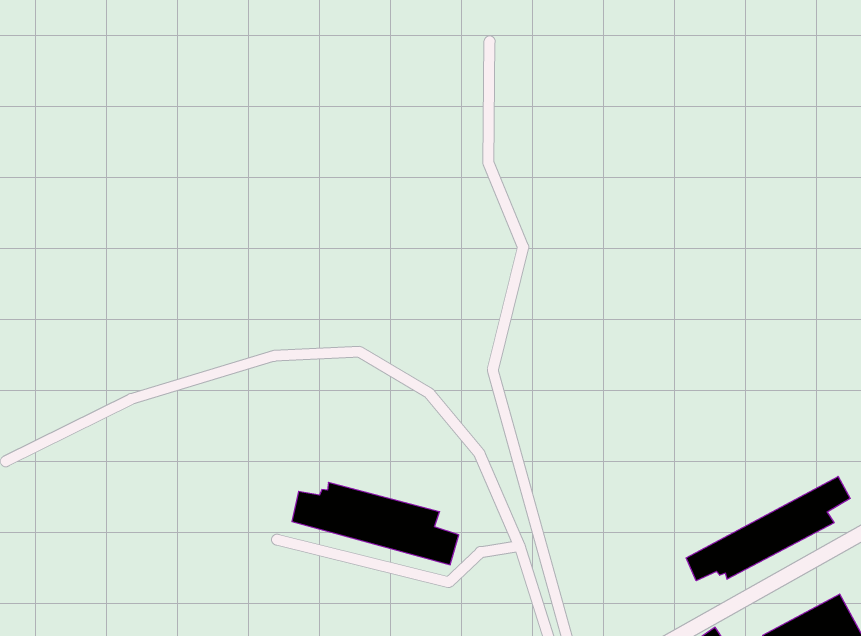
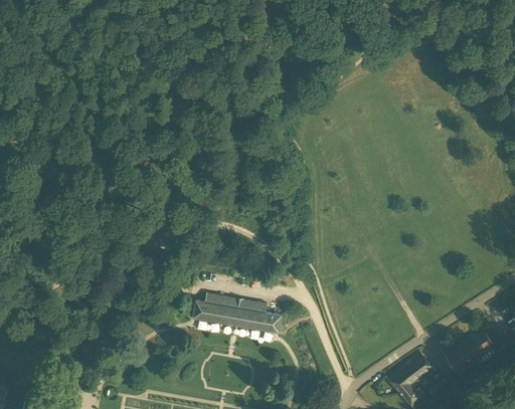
building: [686,476,850,581] -> none

